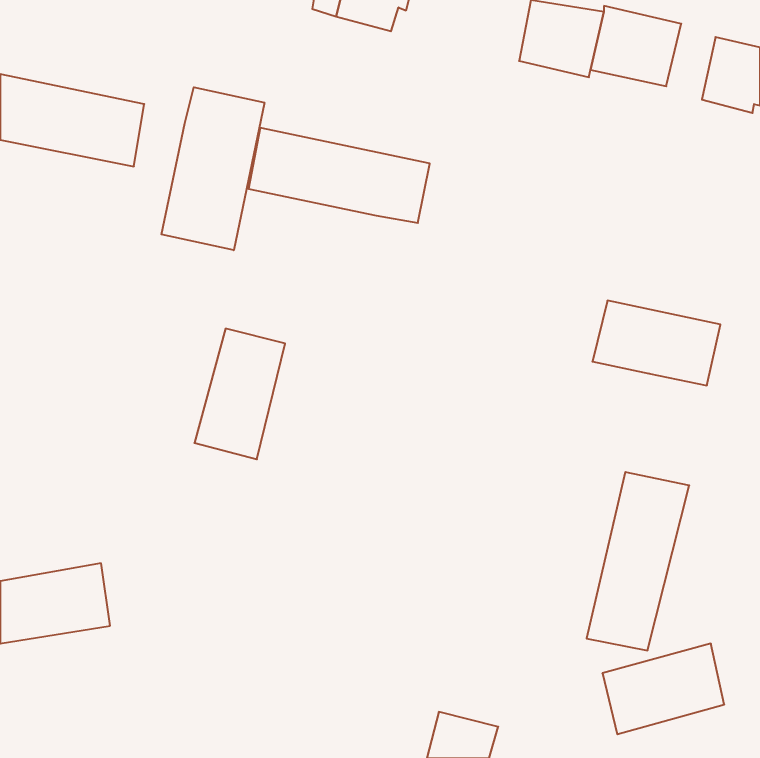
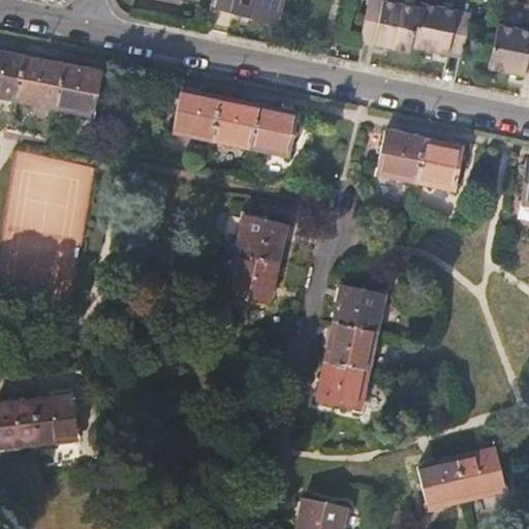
building: [161,87,264,250] -> none
building: [592,301,720,385] -> [376,131,465,190]
building: [194,329,285,459] -> [224,212,287,303]
building: [587,472,689,650] -> [316,285,387,409]

